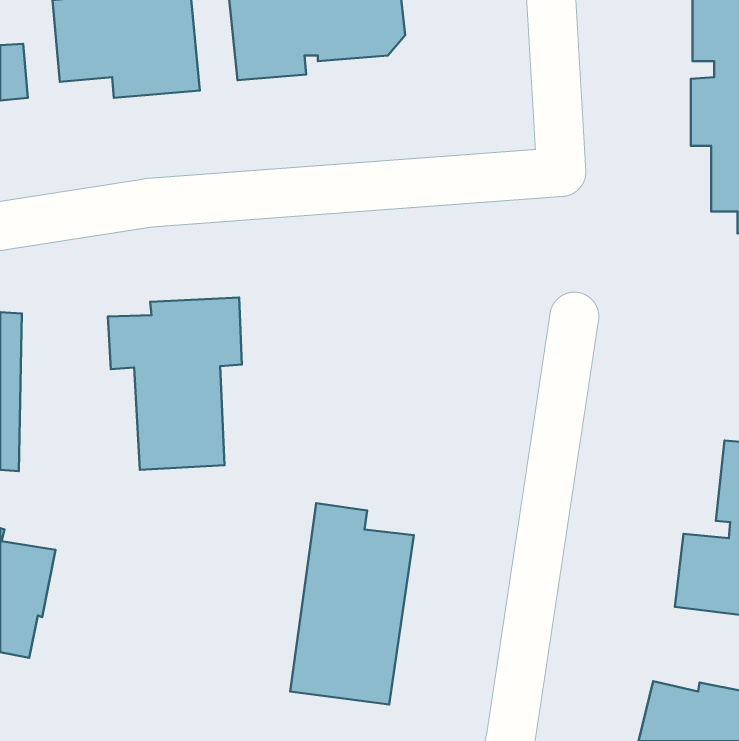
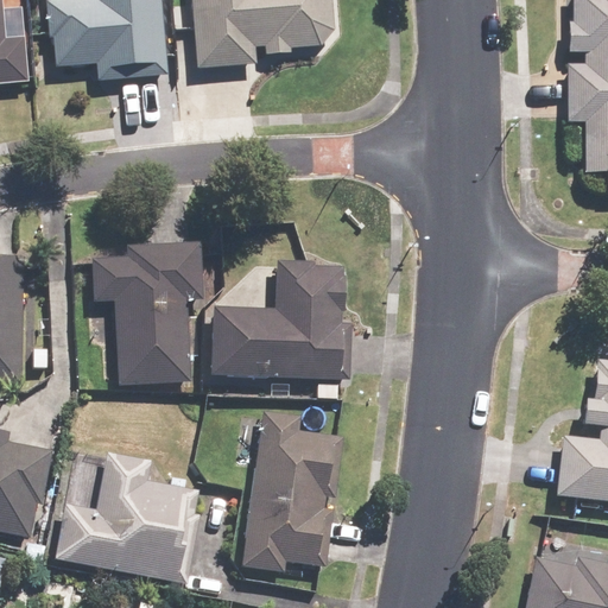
building: none -> [209,259,352,378]
building: none -> [55,452,203,582]

